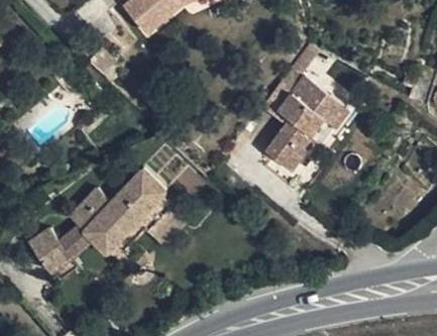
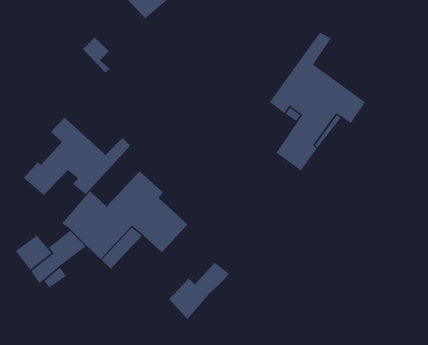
building: none -> [23,117,131,196]
building: none -> [169,262,230,320]

